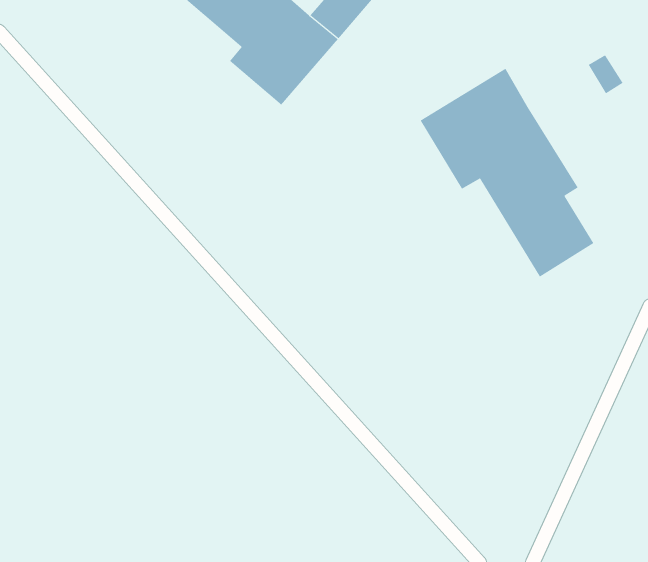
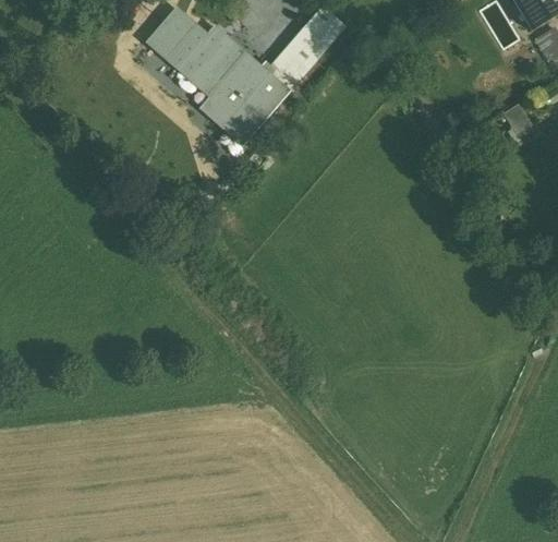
building: [420,68,594,277] -> none

